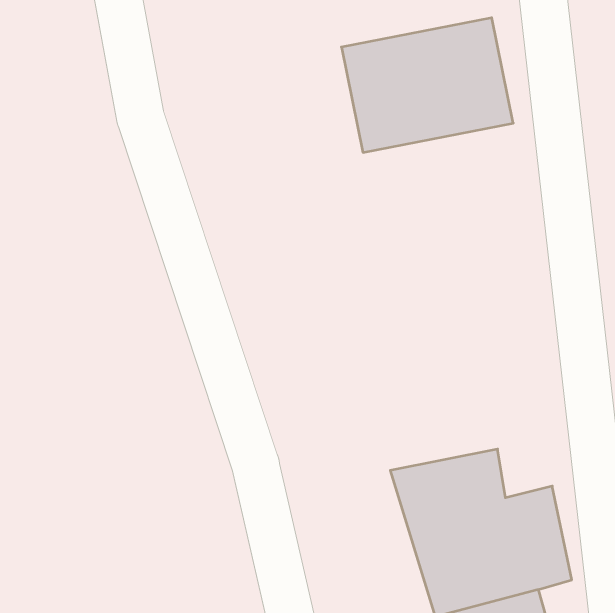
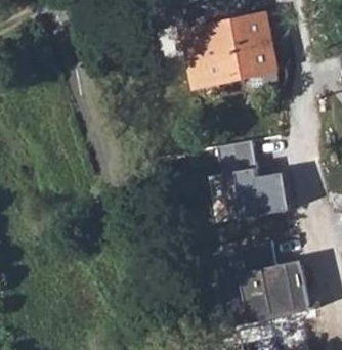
building: none -> [214,142,290,225]

